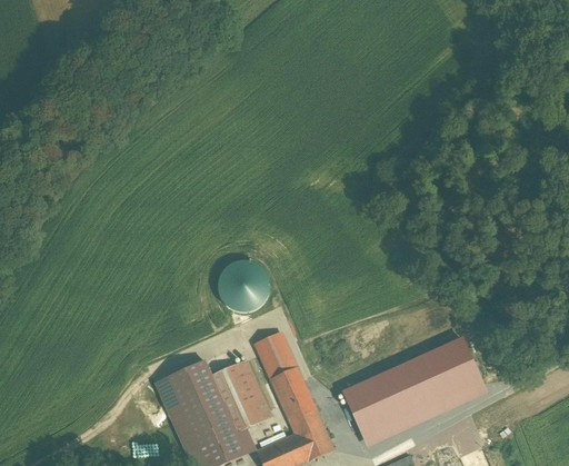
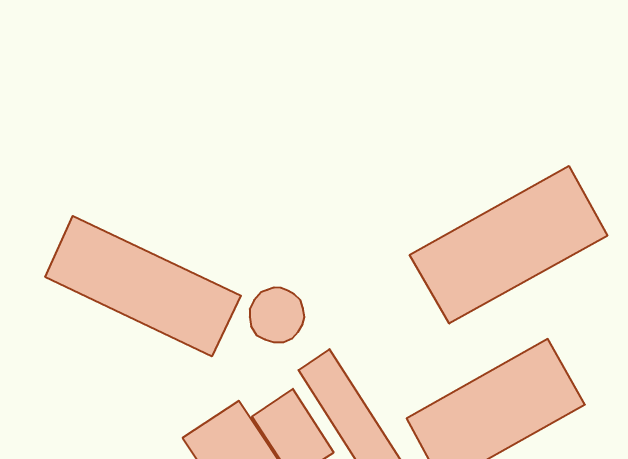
building: none -> [45,216,241,356]
building: none -> [410,166,607,324]

